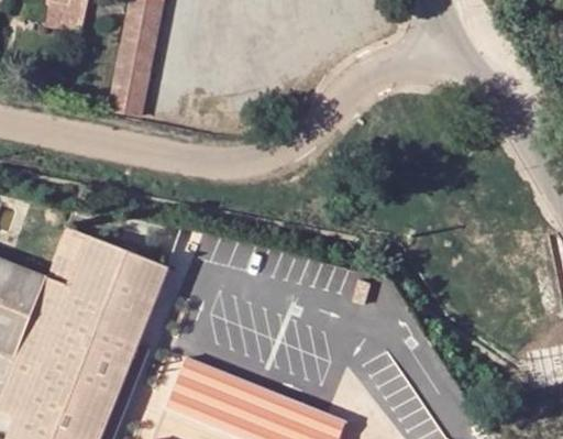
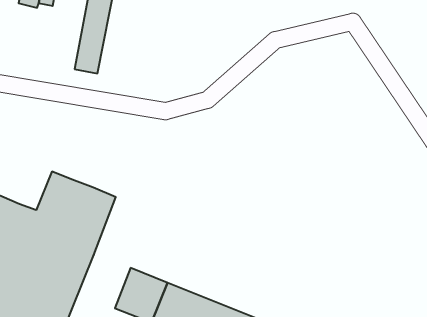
building: [44,227,85,284] -> none

